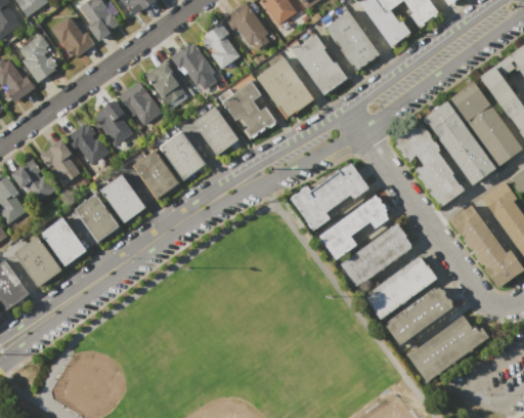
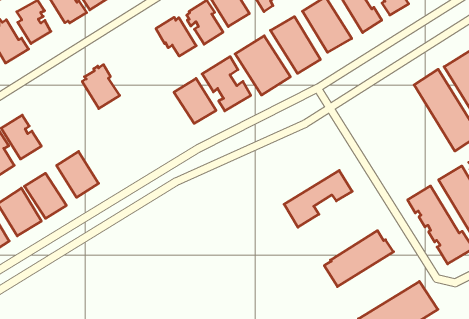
building: [145,58,188,109] -> none
building: [120,82,162,124] -> none
building: [423,101,493,184] -> none
building: [67,123,110,164] -> none
building: [392,123,464,206] -> none
building: [161,132,205,179] -> none
building: [42,138,81,187] -> none
building: [134,151,179,198] -> none
building: [291,163,369,228] -> none
building: [101,174,145,222] -> none
building: [340,222,413,286] -> none
building: [385,285,454,345] -> none

